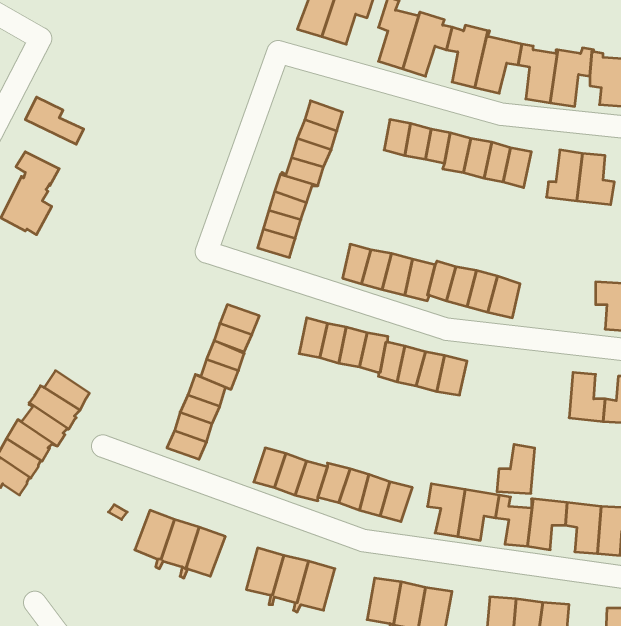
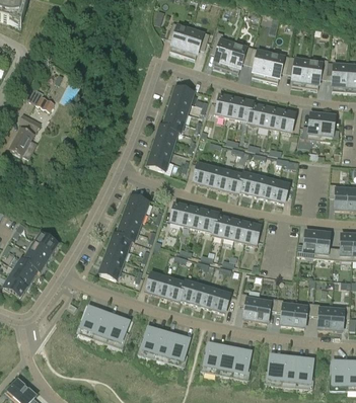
building: [497,444,535,493] -> [296,230,316,256]

